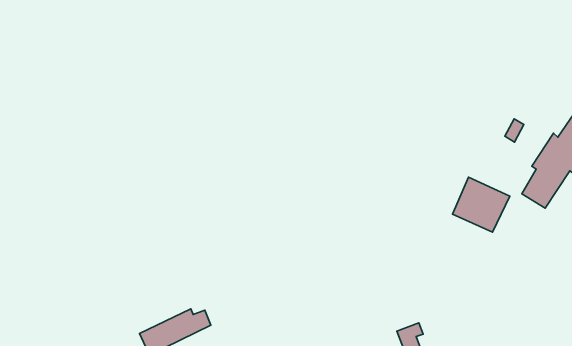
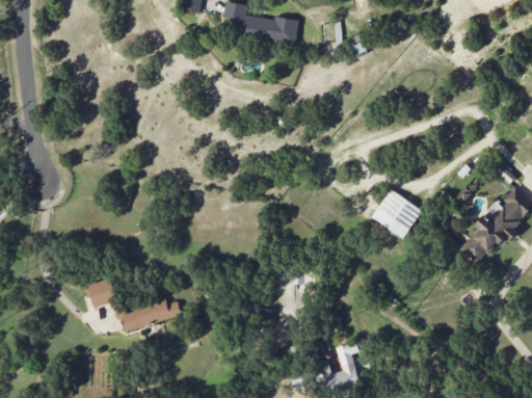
building: [453,177,510,232] -> [371,188,422,238]
building: none -> [87,278,116,306]

